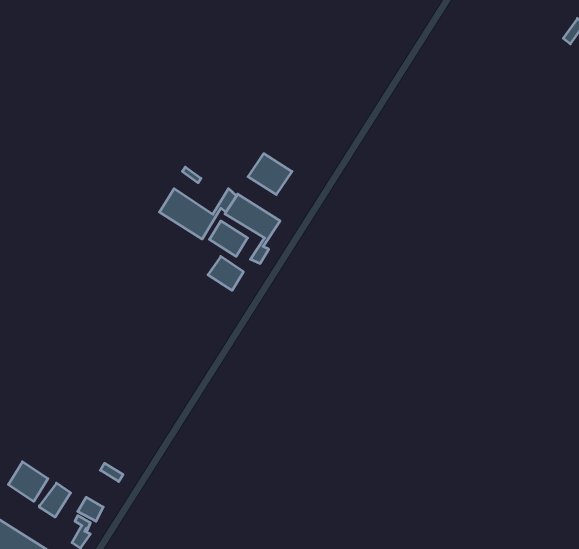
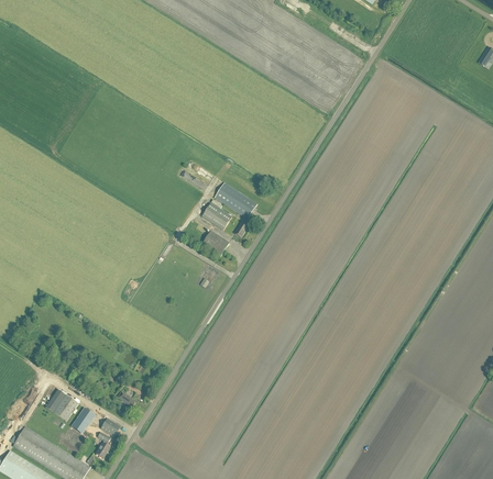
building: [248,154,292,195] -> none
building: [159,189,236,239] -> none

